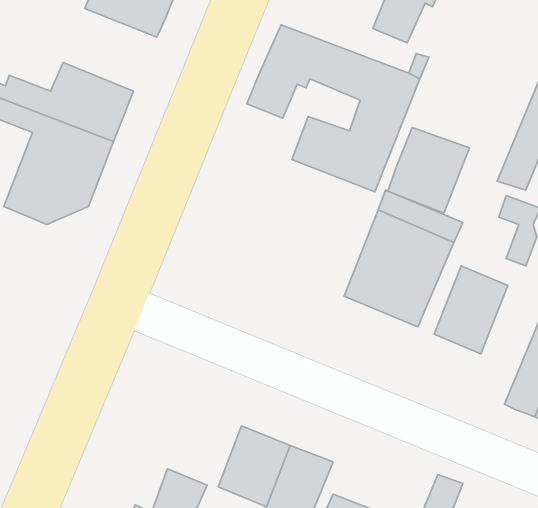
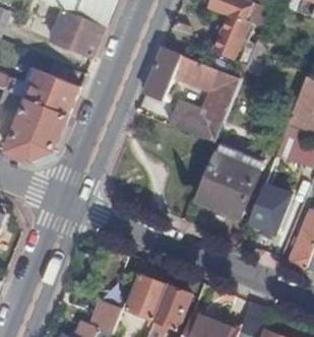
building: [388,128,469,213] -> none

